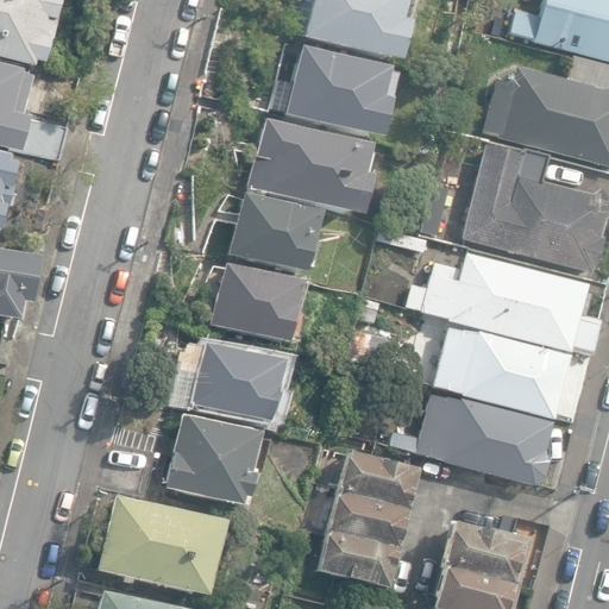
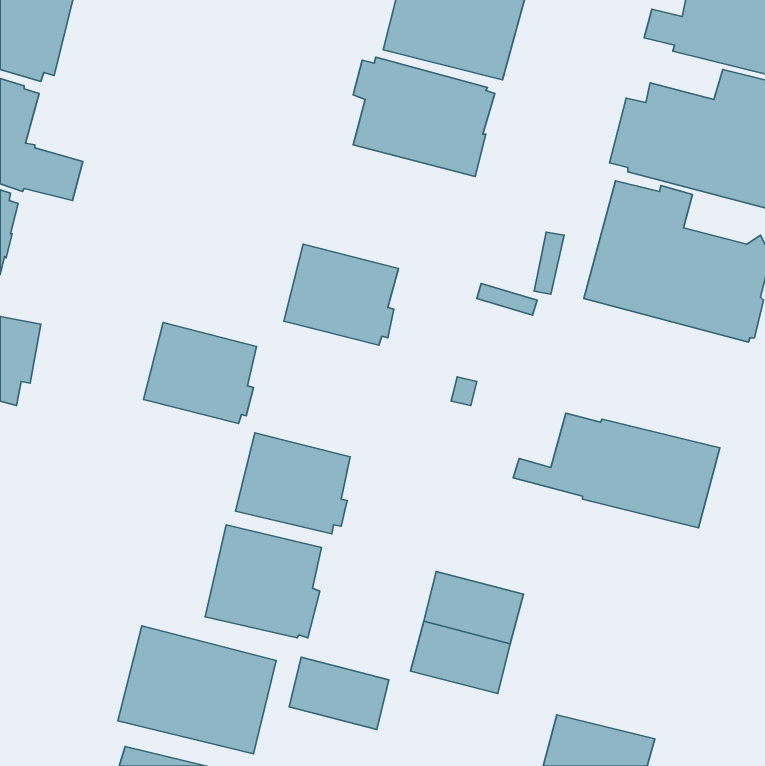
building: [247,119,375,215] -> none
building: [408,251,603,351] -> none
building: [211,263,300,343] -> [143,323,257,424]
building: [390,393,553,484] -> none
building: [444,522,533,583] -> none
building: [319,529,397,586] -> [289,657,389,729]

